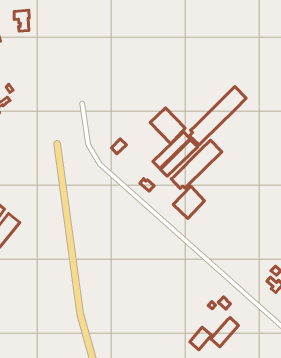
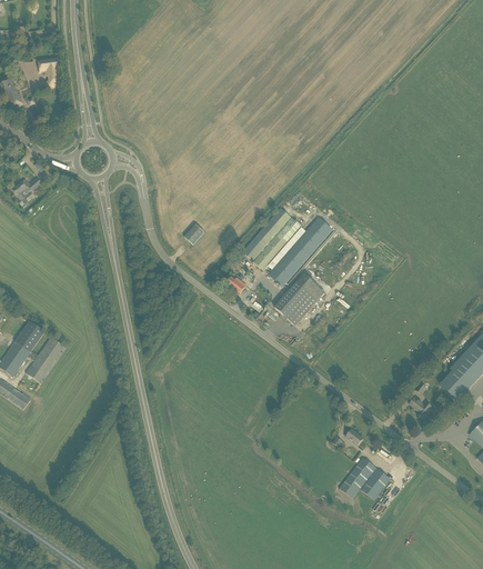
building: [190,87,246,145] -> none
building: [150,108,185,144] -> none
building: [190,327,211,350] -> [361,467,390,498]

